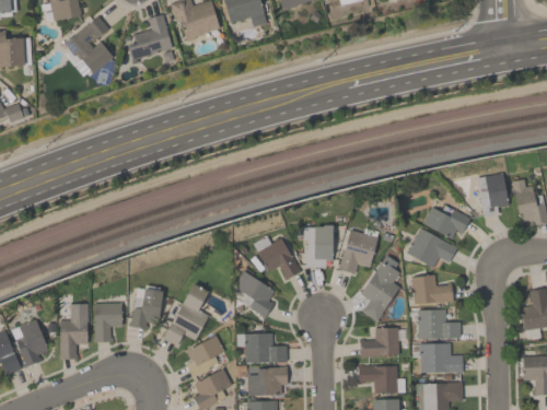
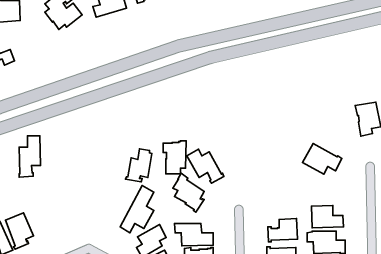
building: [423,206,470,239] -> none
building: [303,224,334,268] -> [163,141,186,174]
building: [339,229,379,273] -> none
building: [361,255,400,321] -> none
building: [412,276,454,305] -> none
building: [128,285,163,329] -> [126,149,152,182]
building: [94,303,123,342] -> none
building: [60,305,89,360] -> [19,136,41,177]

